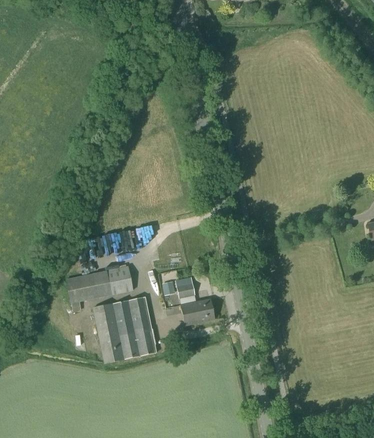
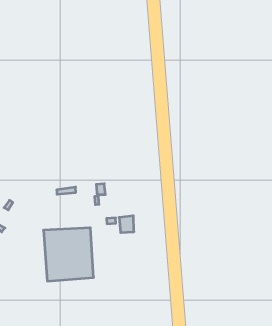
building: [64,265,132,302] -> none
building: [180,297,214,325] -> none

